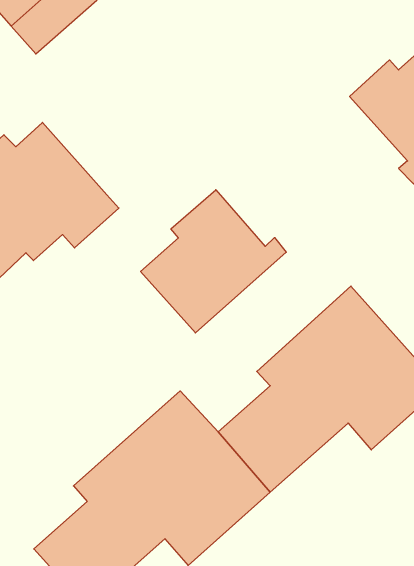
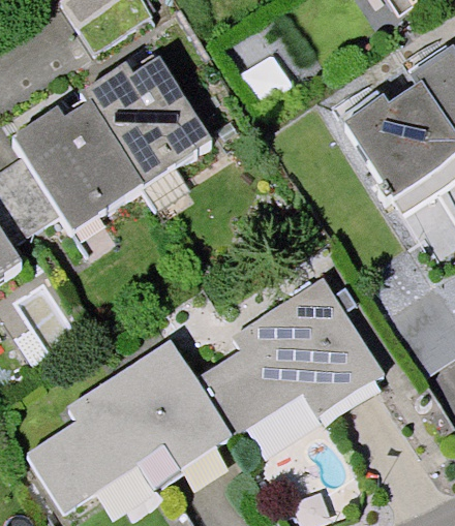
building: none -> [85,61,213,173]
building: [141,190,286,333] -> none

